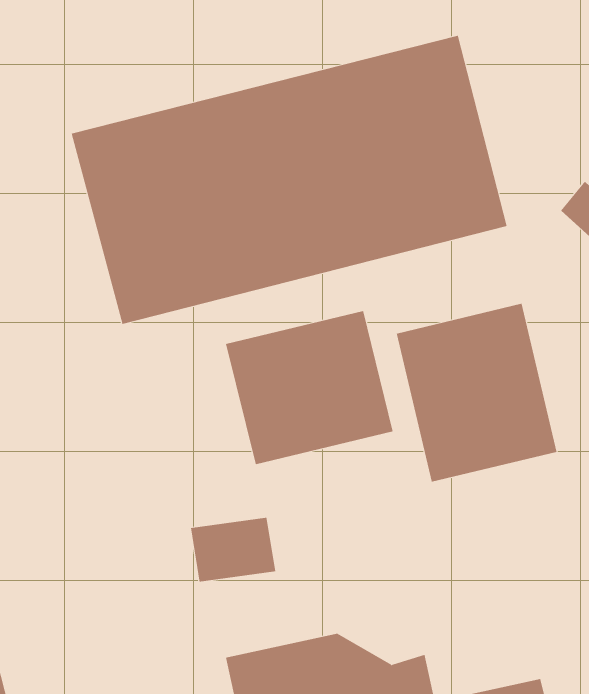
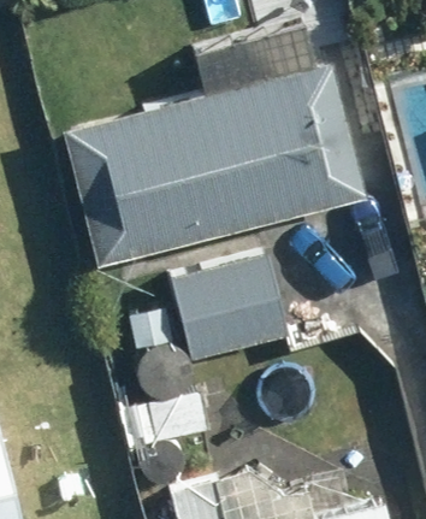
building: [396,303,557,483] -> none

